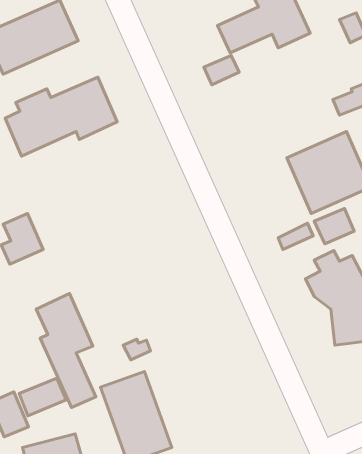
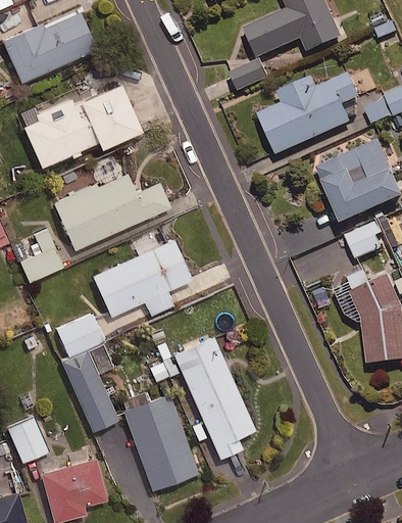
building: none -> [259,76,360,156]
building: none -> [53,174,169,249]
building: none -> [92,239,191,316]
building: none -> [173,337,254,459]
building: [19,378,66,416] -> none

